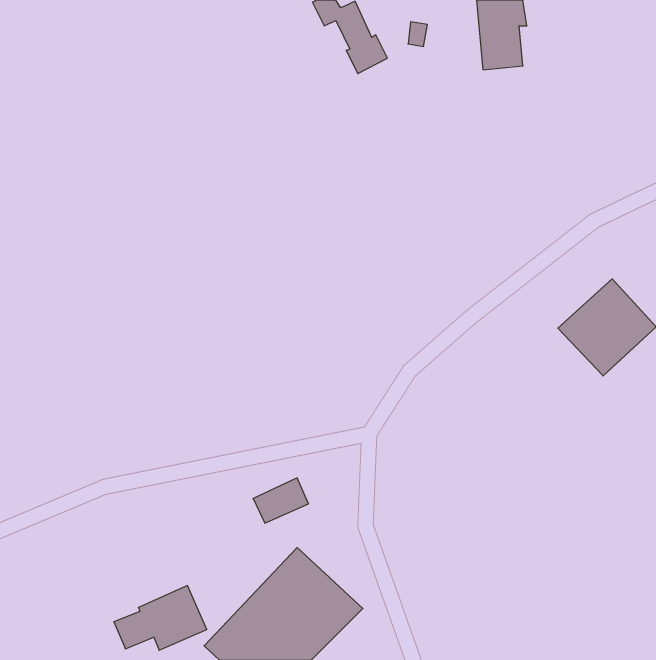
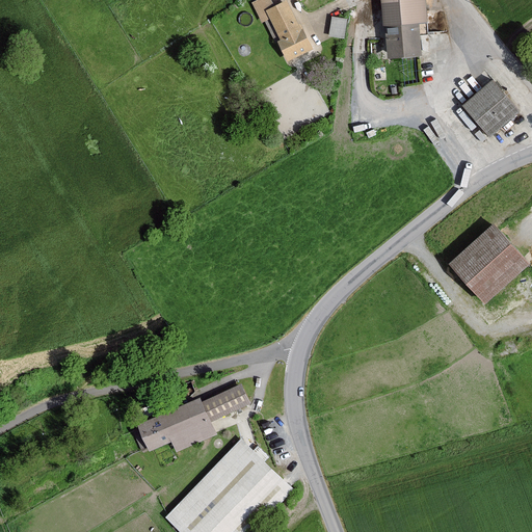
building: none -> [464,82,515,133]
building: [114,586,207,650] -> [139,398,214,450]

